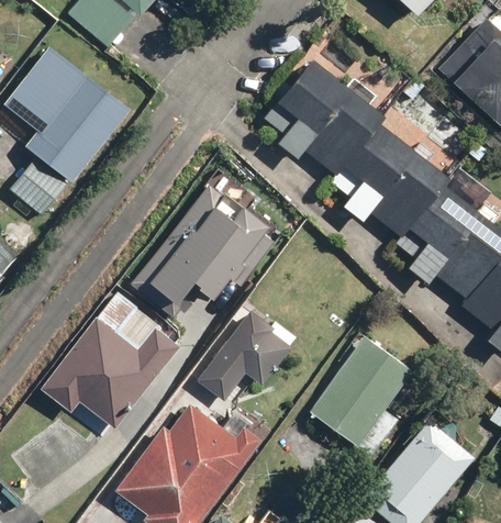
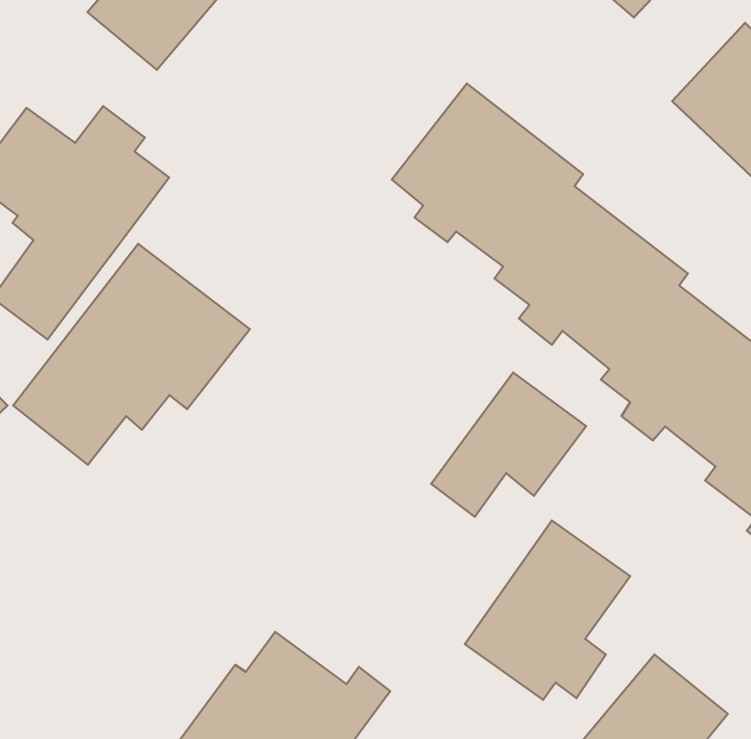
building: [129,182,278,322] -> [13,244,250,465]
building: [40,289,183,430] -> none
building: [198,309,296,400] -> [431,372,586,517]

